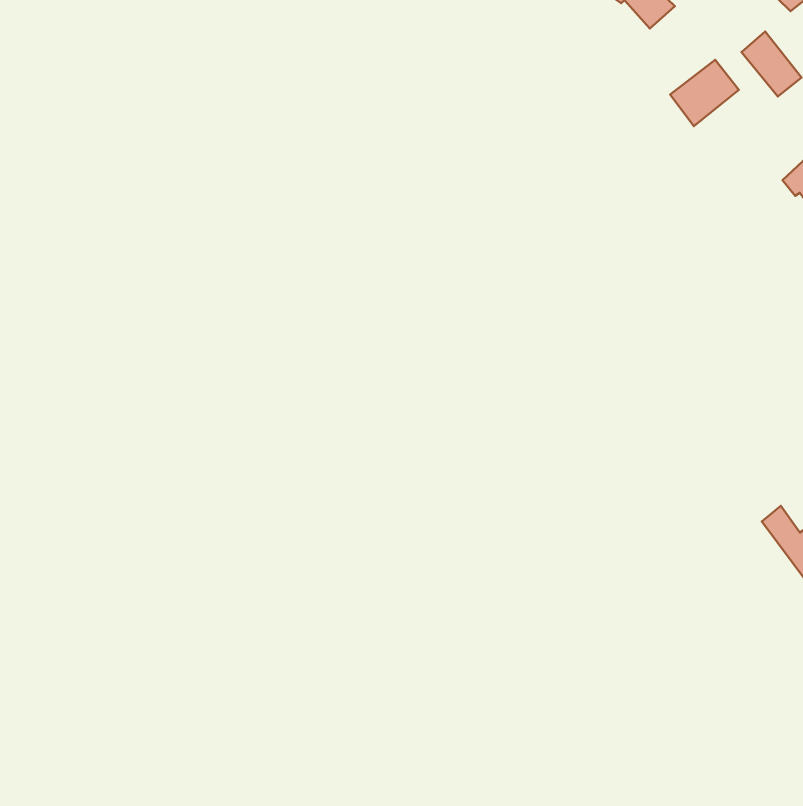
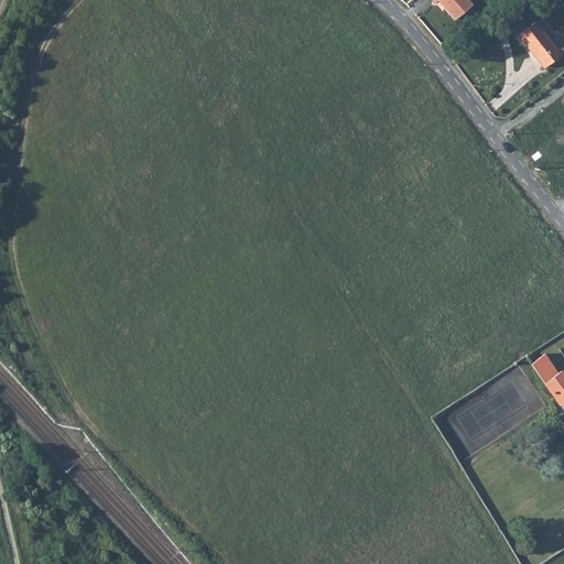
building: [670,60,739,126] -> none

